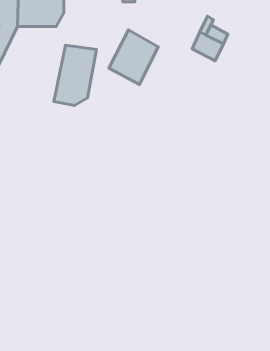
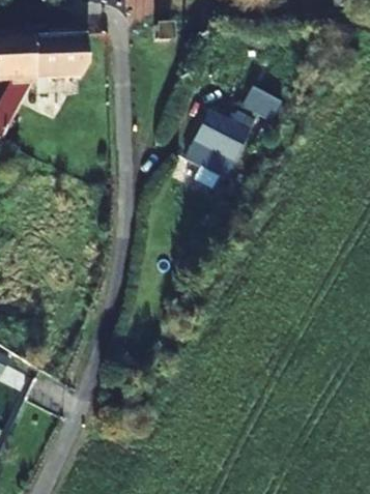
building: [109,30,158,85] -> [183,114,244,180]
building: [54,45,96,105] -> none

